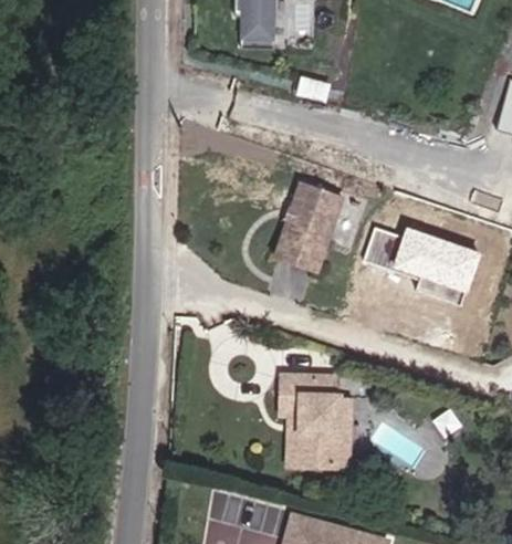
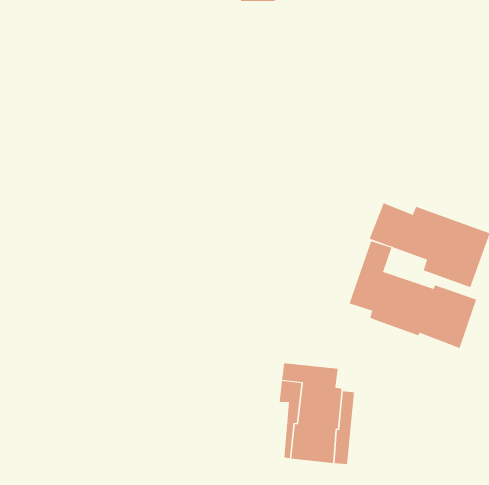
building: [274,178,341,266] -> none
building: none -> [349,241,477,349]

